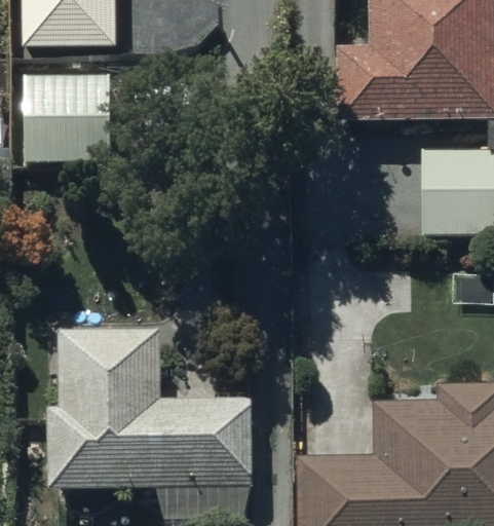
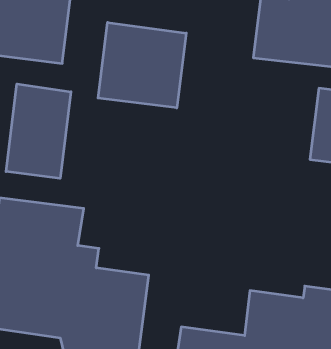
building: none -> [98,22,186,108]
building: none -> [6,84,71,178]

